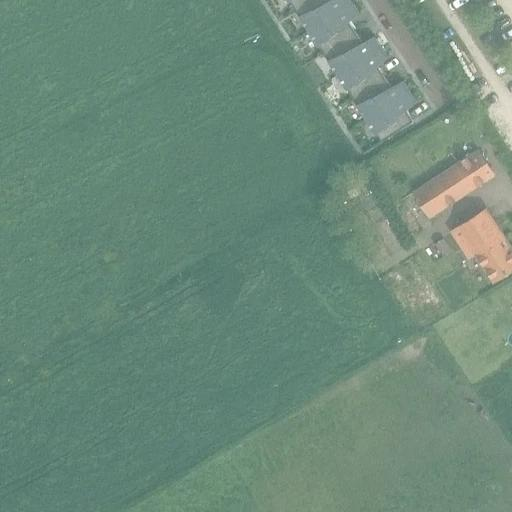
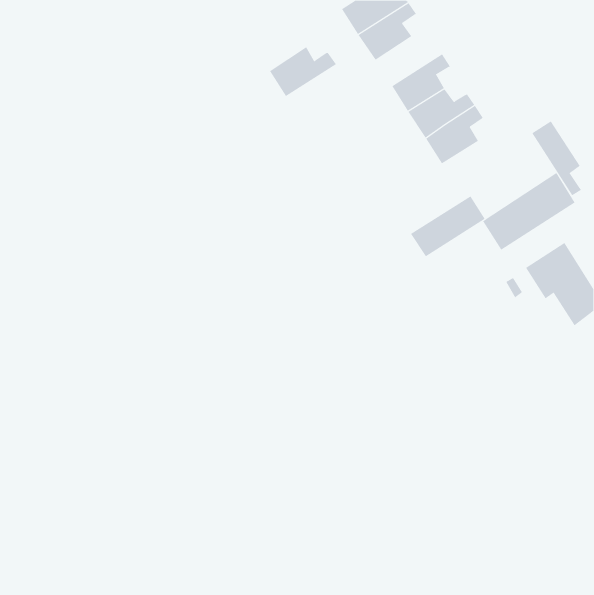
building: [322,31,380,74] -> [269,47,337,97]
building: none -> [531,120,582,196]
building: none -> [410,196,486,257]

